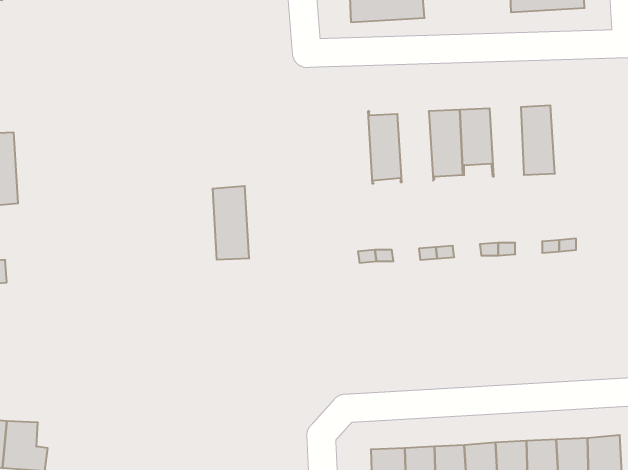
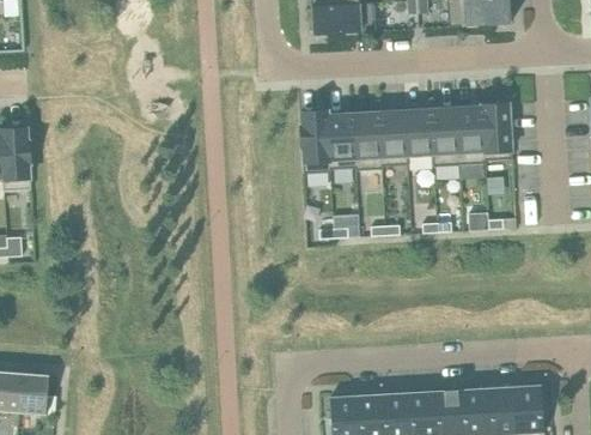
building: none -> [482,103,512,163]
building: none -> [431,107,459,165]
building: none -> [353,110,383,170]
building: [212,186,249,260] -> [300,110,331,173]

